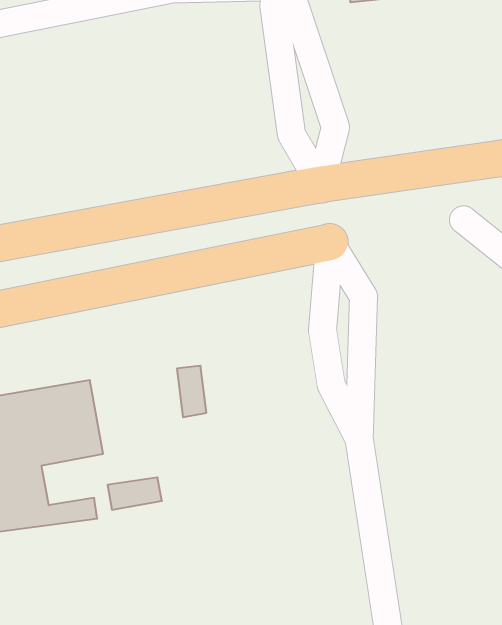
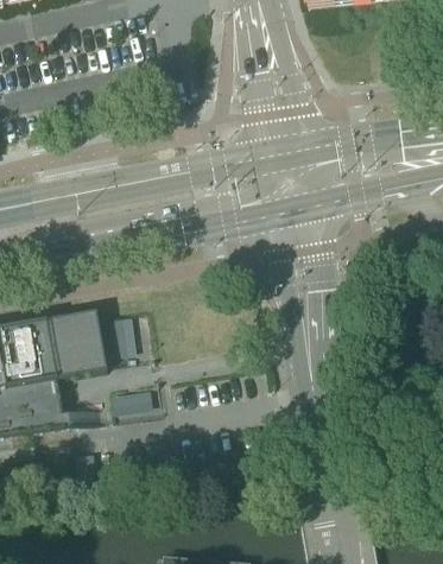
building: [177,366,206,417] -> [112,312,135,354]

